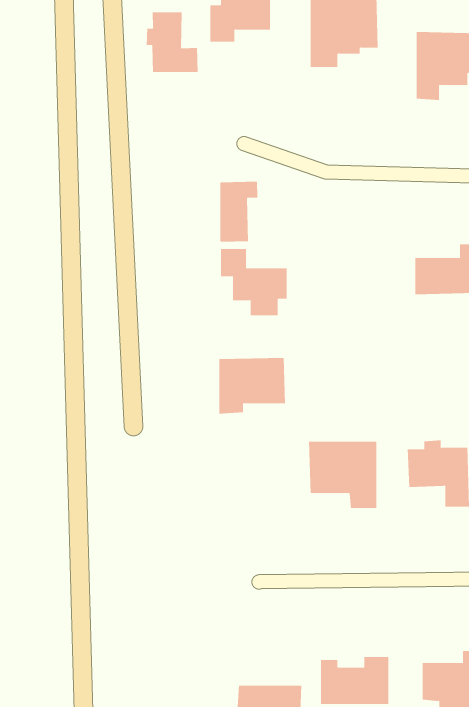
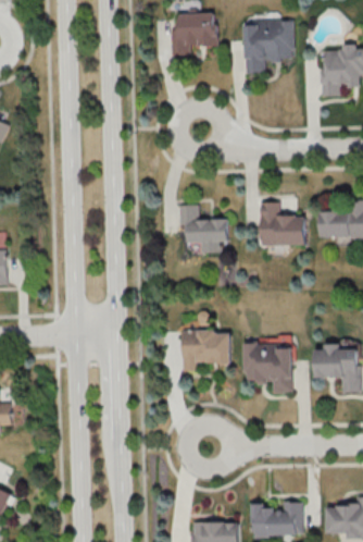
building: [146,11,198,73] -> none
building: [220,181,258,243] -> none
building: none -> [260,201,305,246]
building: [219,357,286,414] -> [182,331,230,372]

